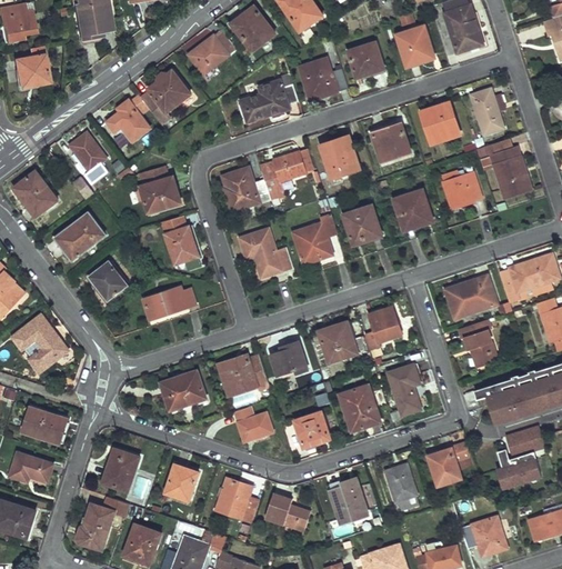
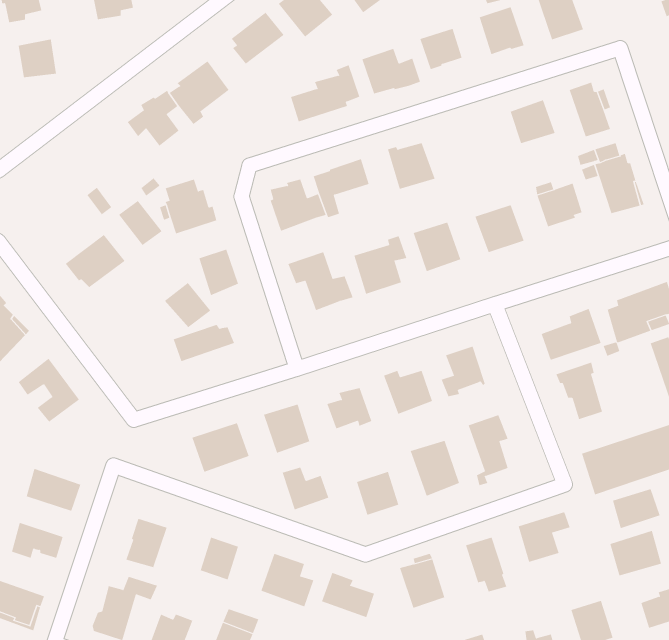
building: [372,123,411,161] -> none
building: [69,133,106,171] -> [118,200,163,246]
building: [16,171,57,217] -> none
building: [88,261,127,299] -> [164,282,211,328]

